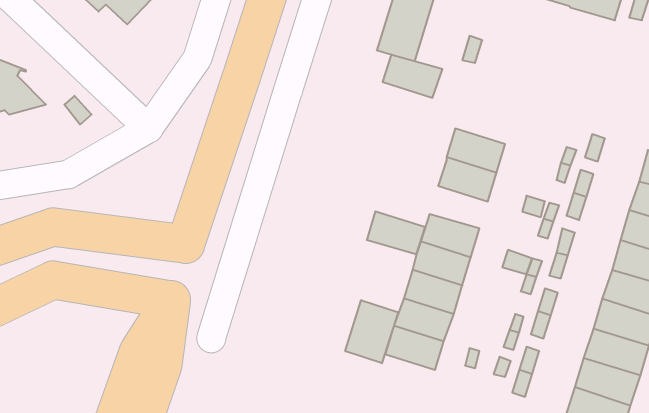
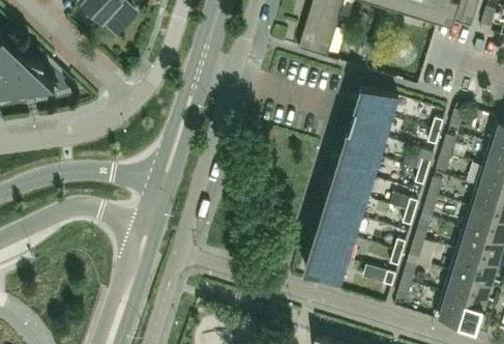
building: [383,55,442,98] -> [355,89,398,120]
building: [367,211,425,254] -> [336,150,379,181]
building: [345,300,398,363] -> none

